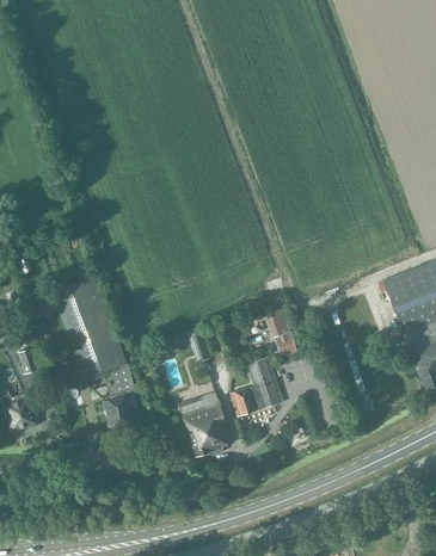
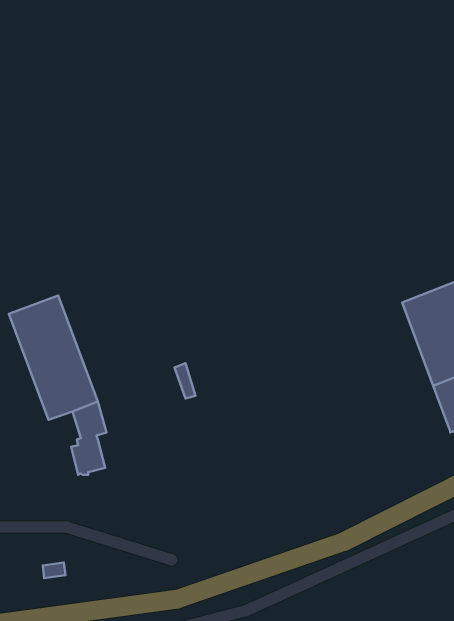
building: [264,302,296,356] -> none
building: [231,356,282,415] -> none
building: [179,393,231,456] -> none

